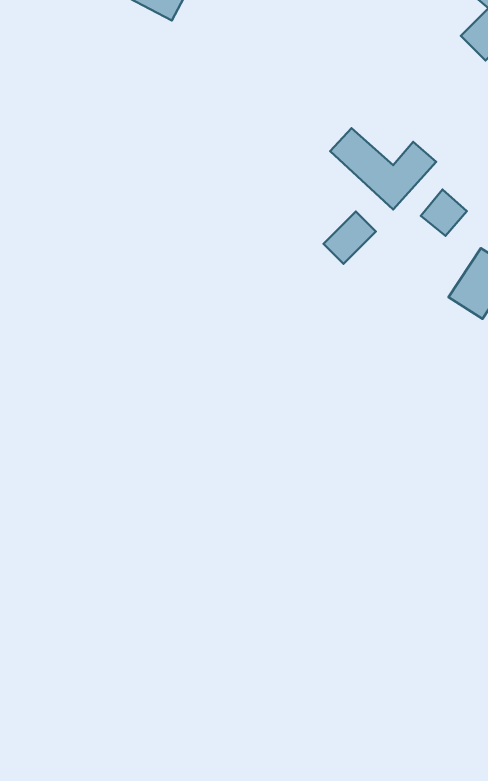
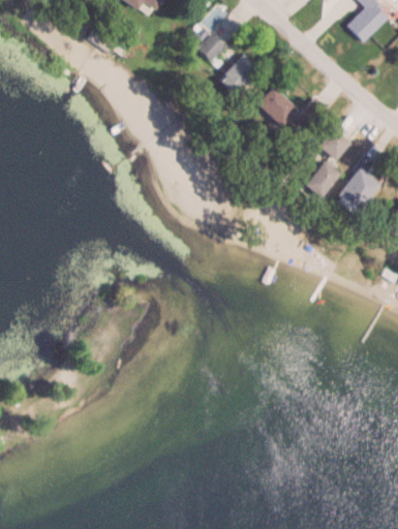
building: none -> [197,32,224,60]
building: none -> [220,54,262,96]
building: [324,211,376,264] -> [307,162,342,197]

